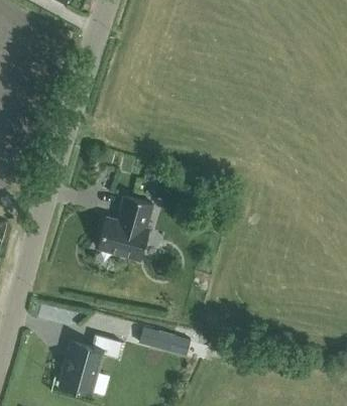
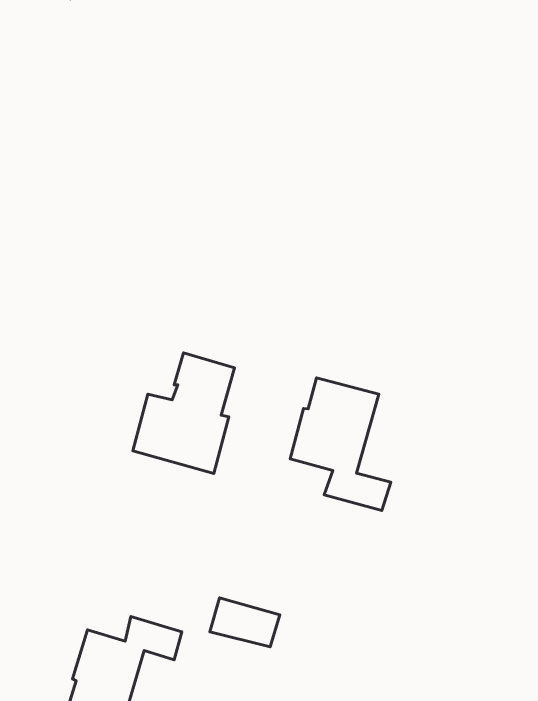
building: none -> [290,378,391,511]

